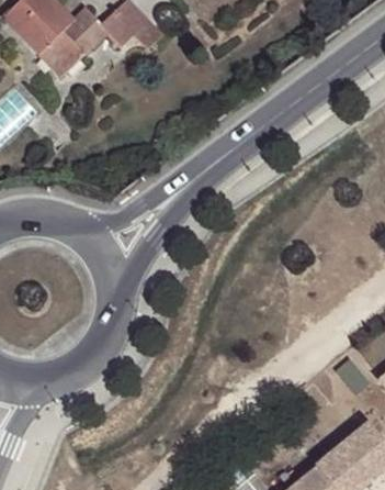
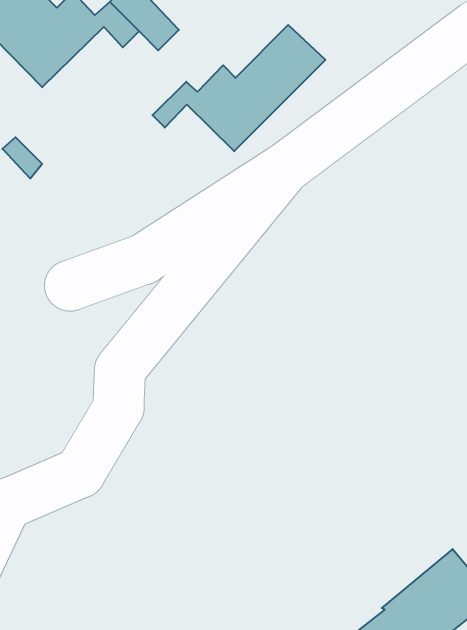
building: none -> [152,25,325,151]

